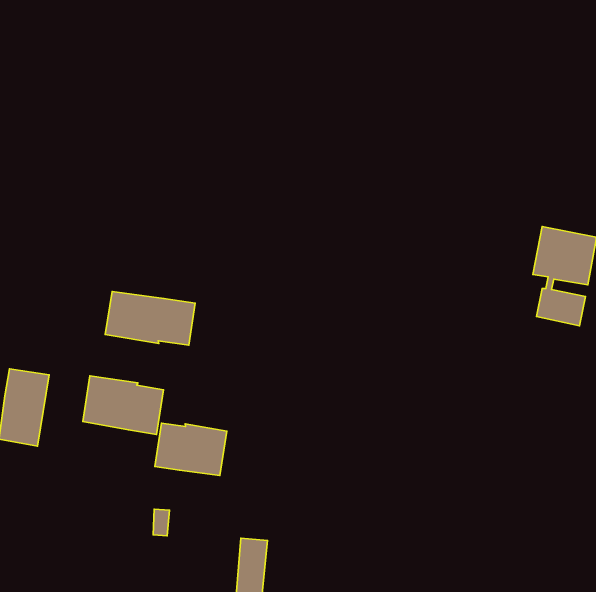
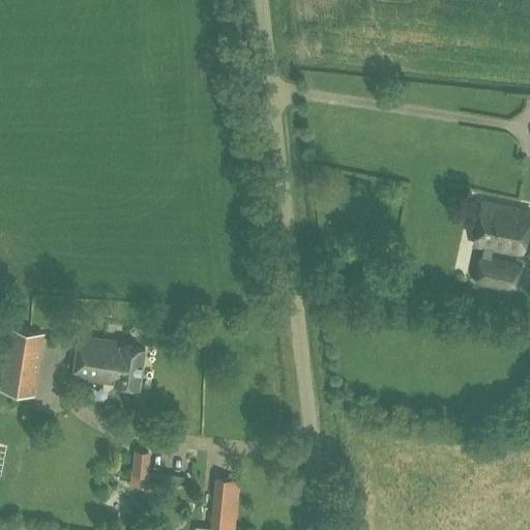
building: [105,291,195,345] -> none
building: [155,423,227,476] -> none

